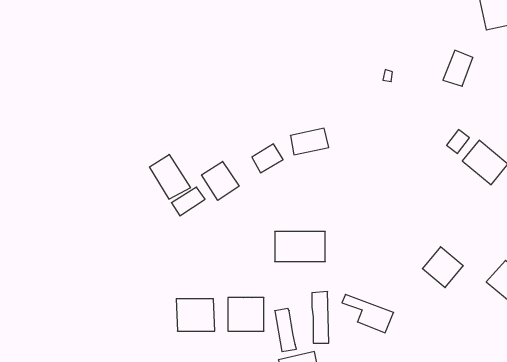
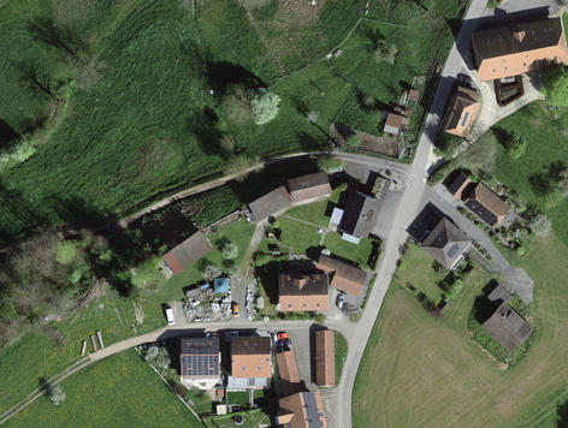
building: none -> [344,192,378,232]
building: [149,154,190,199] -> none
building: [202,161,239,200] -> none
building: [422,247,463,288] -> [431,222,472,263]
building: [342,294,394,333] -> [319,256,371,295]

